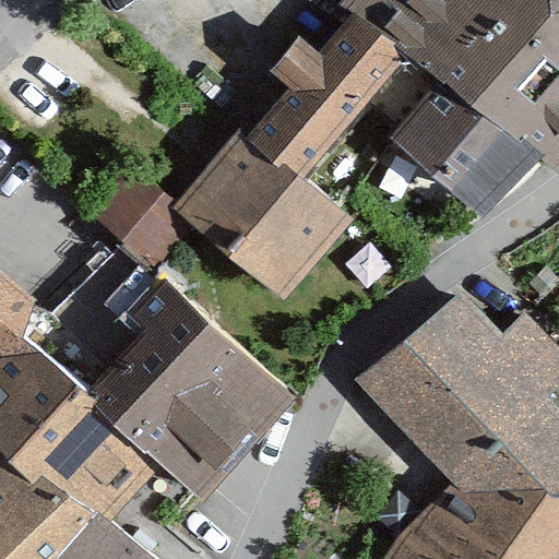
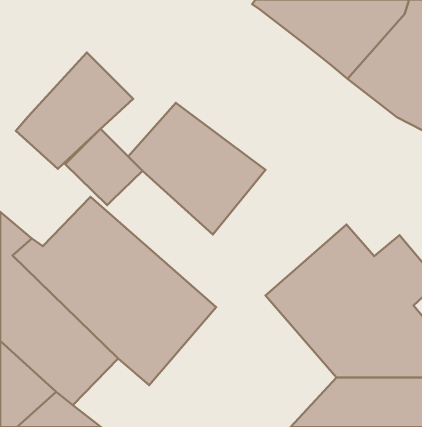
building: [237,12,403,183] -> none
building: none -> [16,53,133,169]
building: [397,83,525,203] -> none

